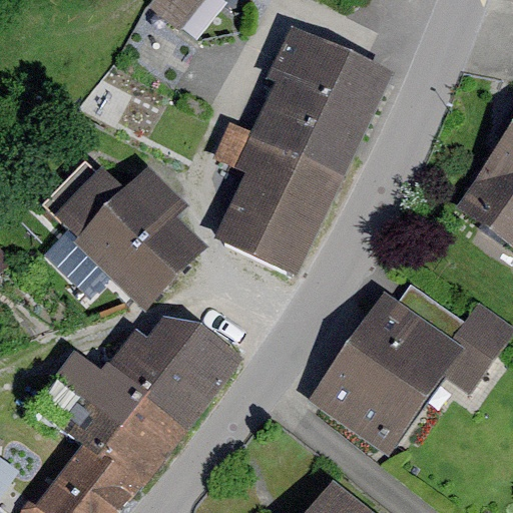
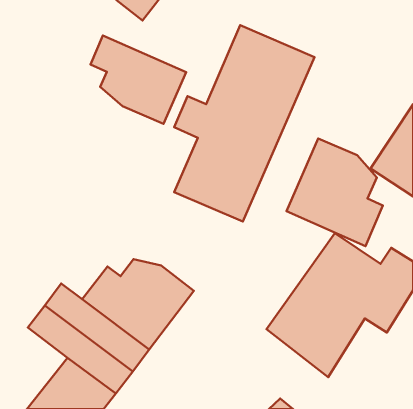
building: none -> [91,35,186,124]
building: [45,163,221,322] -> none
building: none -> [286,139,383,246]

